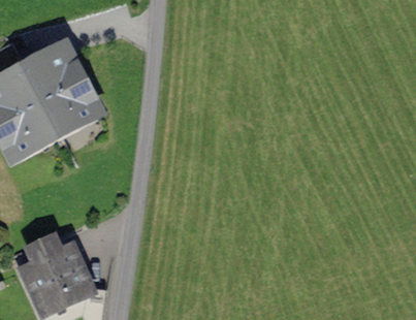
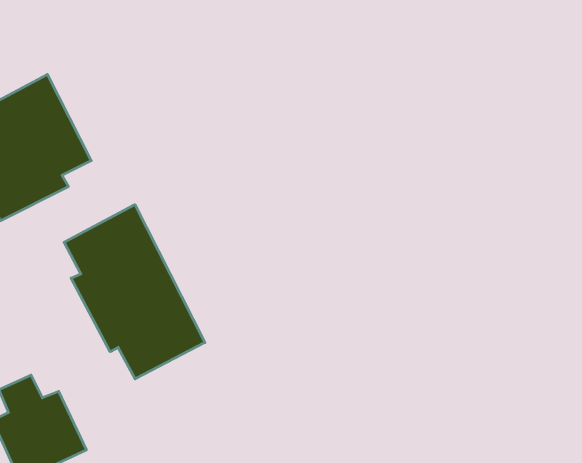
building: none -> [64,205,205,379]

